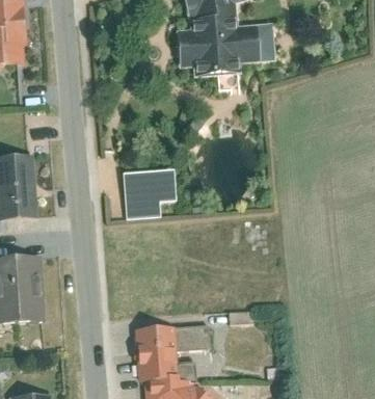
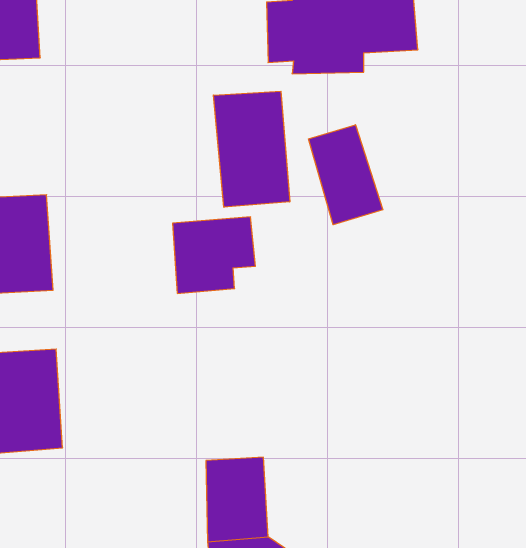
building: none -> [213,91,290,207]
building: none -> [308,125,383,225]

